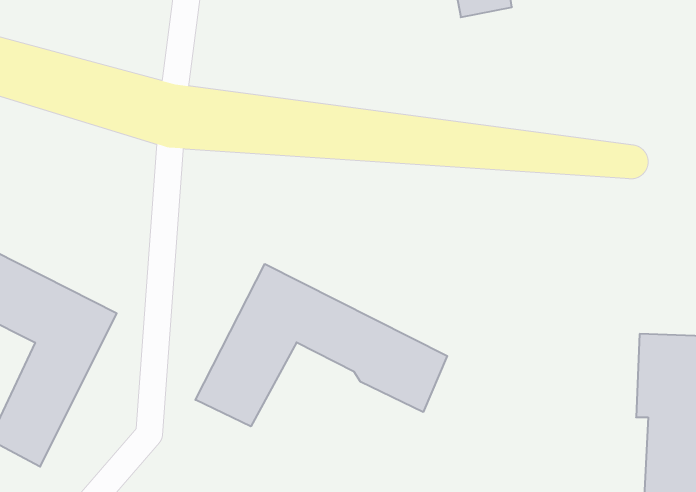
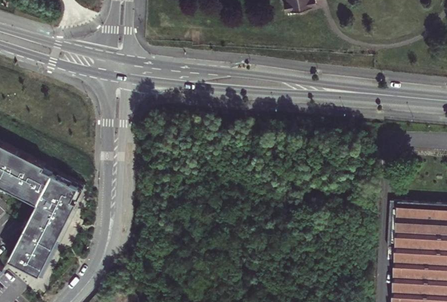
building: [195,264,447,426] -> none

